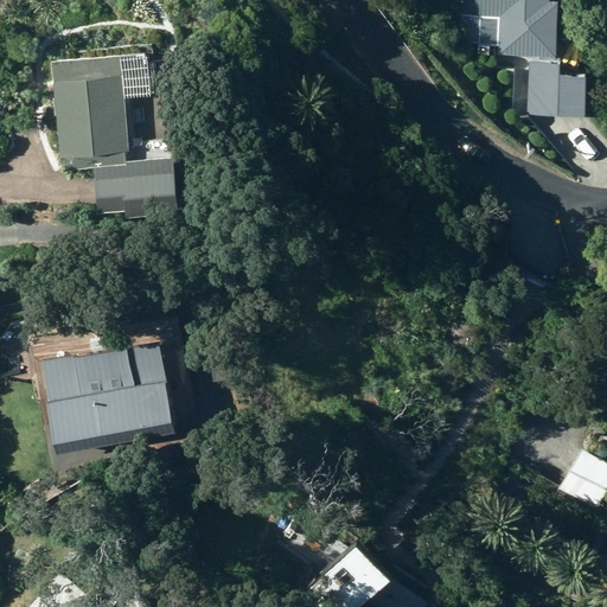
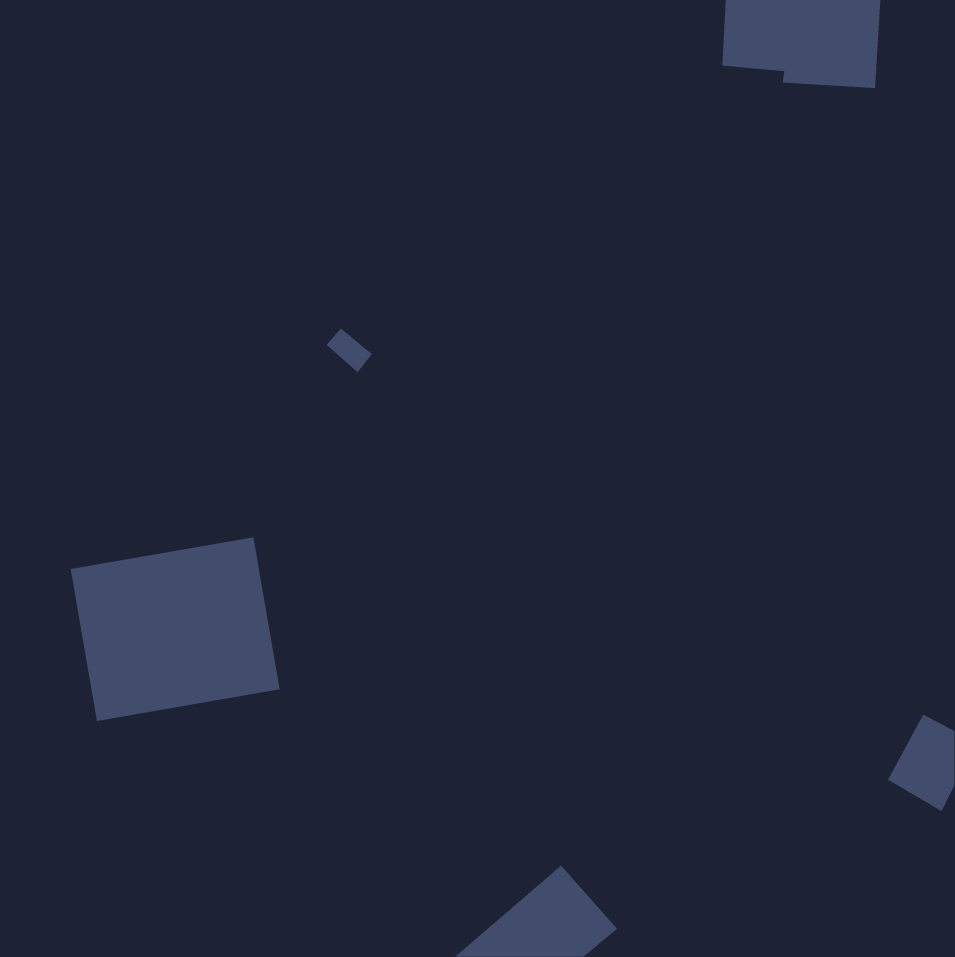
building: [52,56,177,217] -> none
building: [520,63,584,115] -> none

